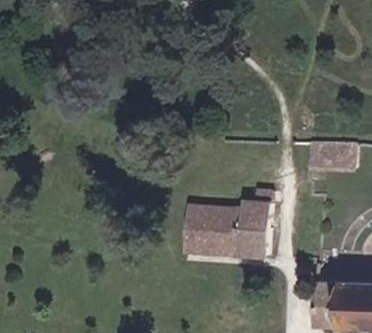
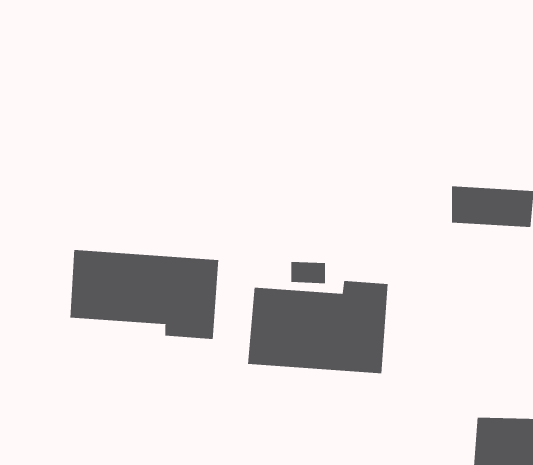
building: none -> [70,249,219,340]

